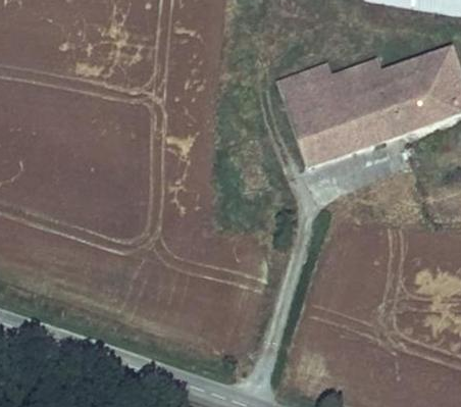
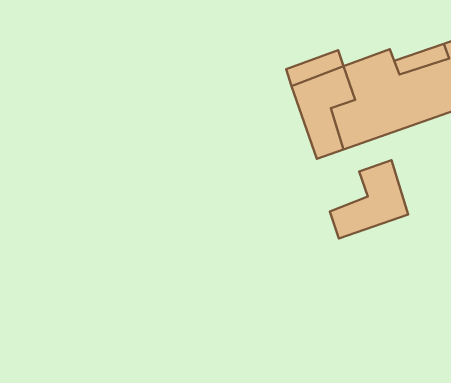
building: none -> [330,160,408,238]

